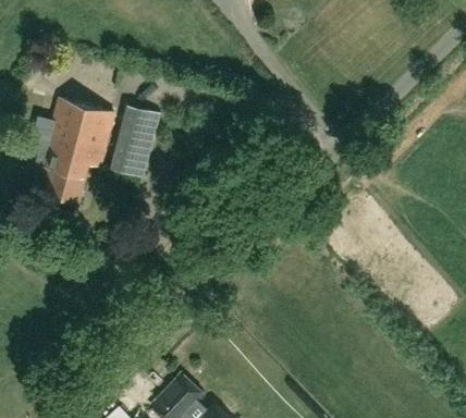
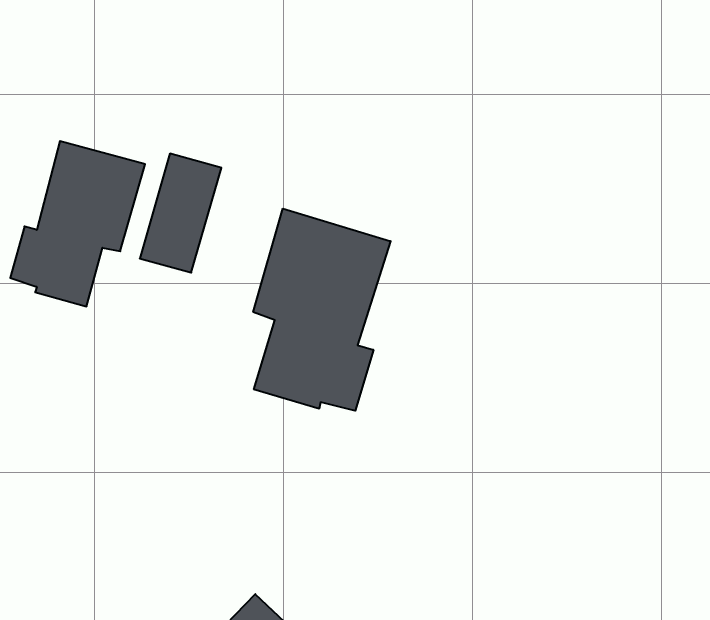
building: none -> [253,209,391,411]

